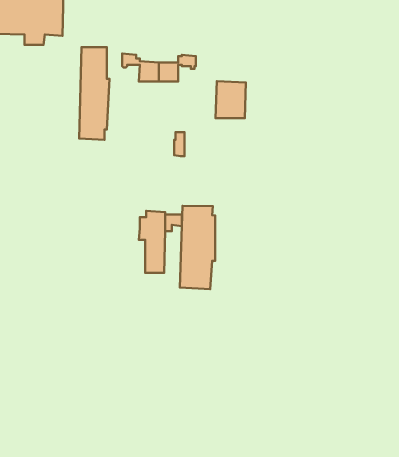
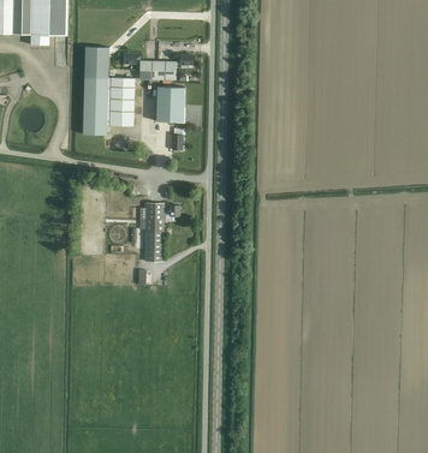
building: none -> [108,77,135,126]
building: [216,81,246,118] -> [155,87,184,121]
building: [180,206,215,289] -> none

